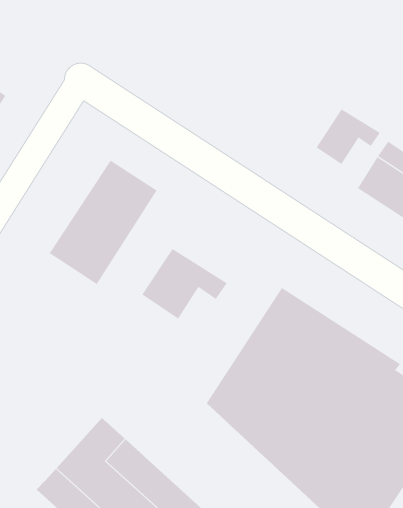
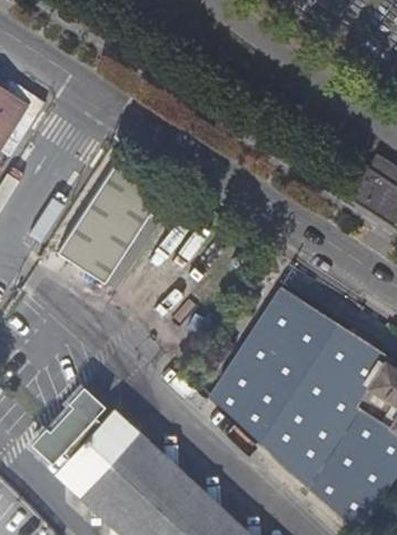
building: [316,109,380,165] -> none
building: [142,248,228,320] -> none
building: none -> [34,388,111,468]

